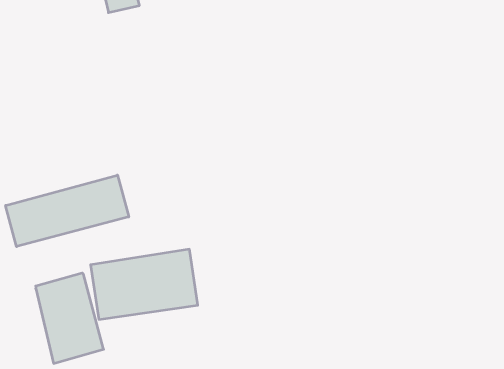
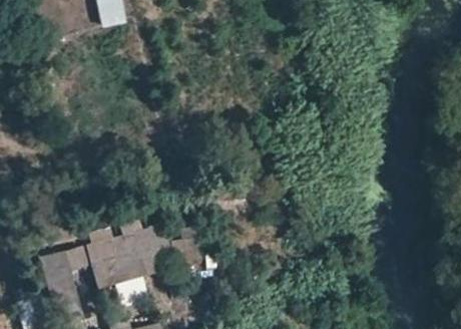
building: [6,175,129,247] -> none

